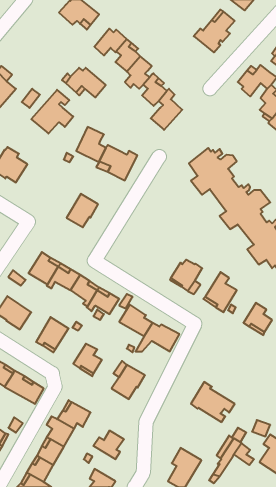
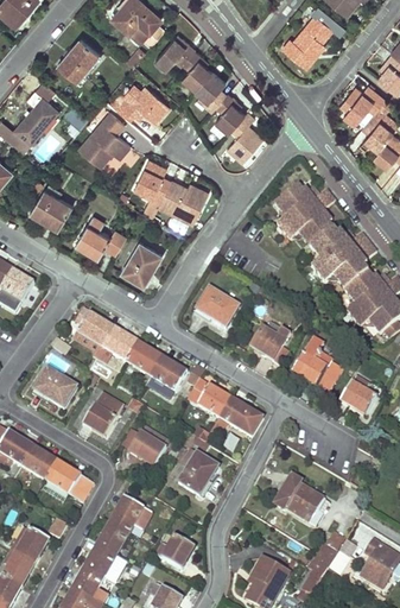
building: none -> [57,37,97,82]
building: none -> [75,215,126,255]
building: none -> [196,289,239,329]

